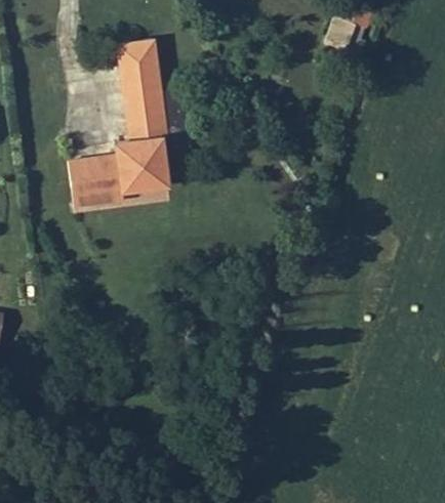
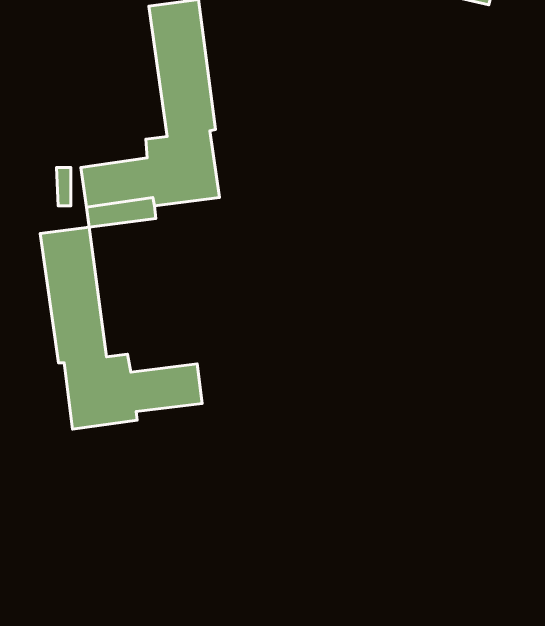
building: none -> [40,227,202,429]

